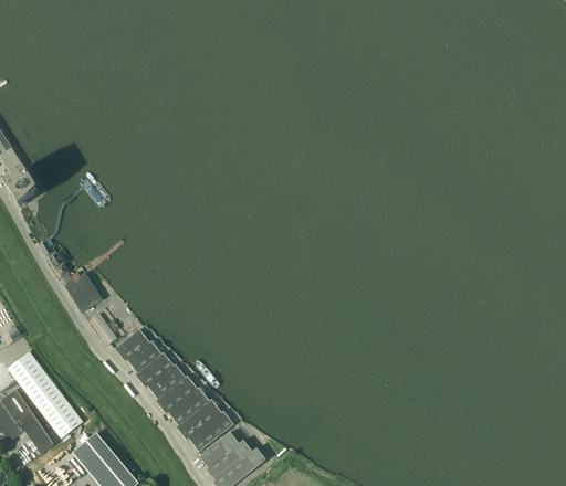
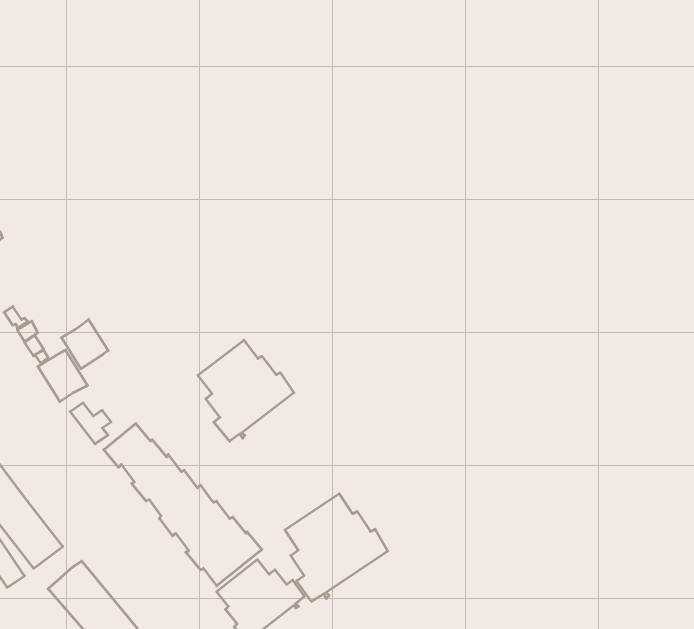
building: none -> [61,319,108,369]
building: none -> [198,340,294,441]
building: none -> [285,494,388,601]

